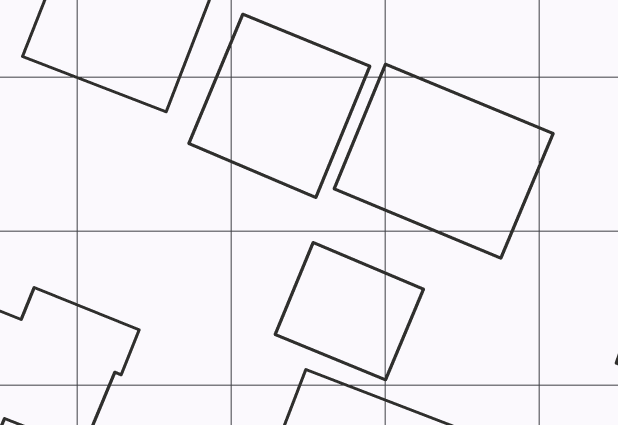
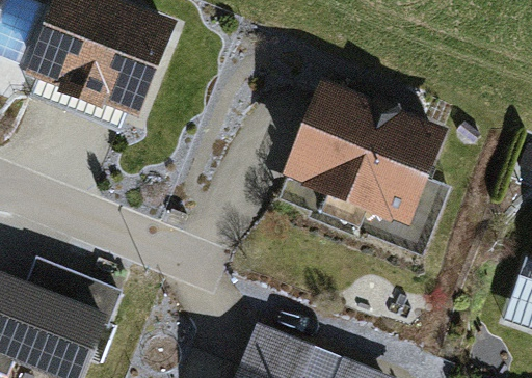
building: [189,14,370,197] -> none
building: [275,243,424,380] -> none

